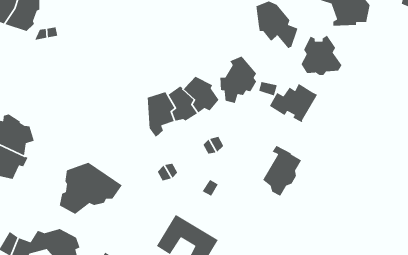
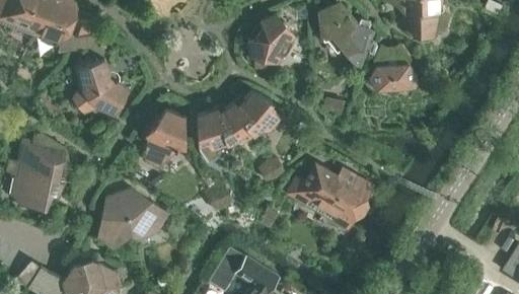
building: none -> [73,60,128,116]
building: [219,55,257,104] -> [249,14,292,69]
building: [269,83,318,123] -> [288,166,344,212]
building: none -> [143,108,184,166]

